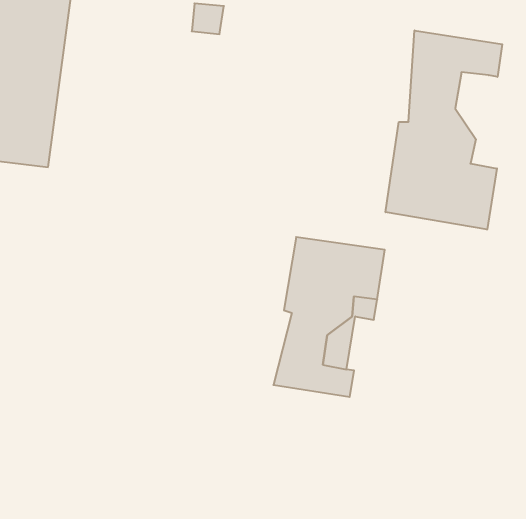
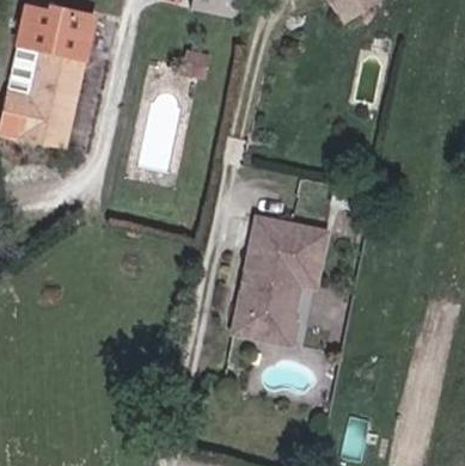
building: [386,30,502,230] -> none

